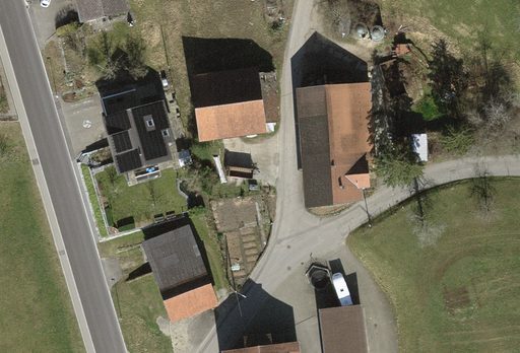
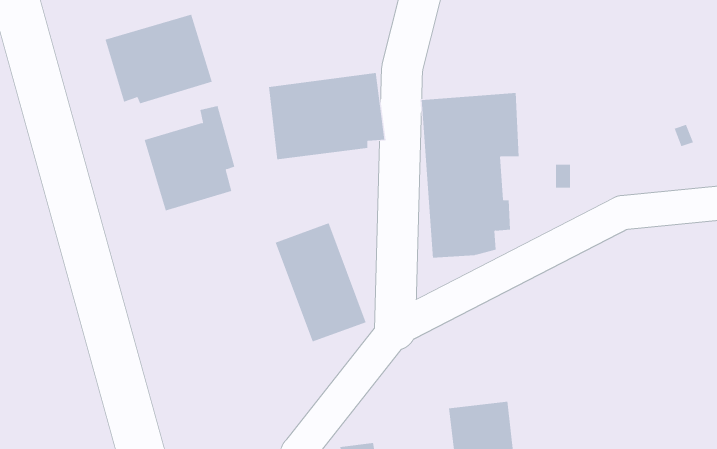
building: none -> [105,14,213,104]
building: [145,228,210,313] -> [275,222,366,342]

